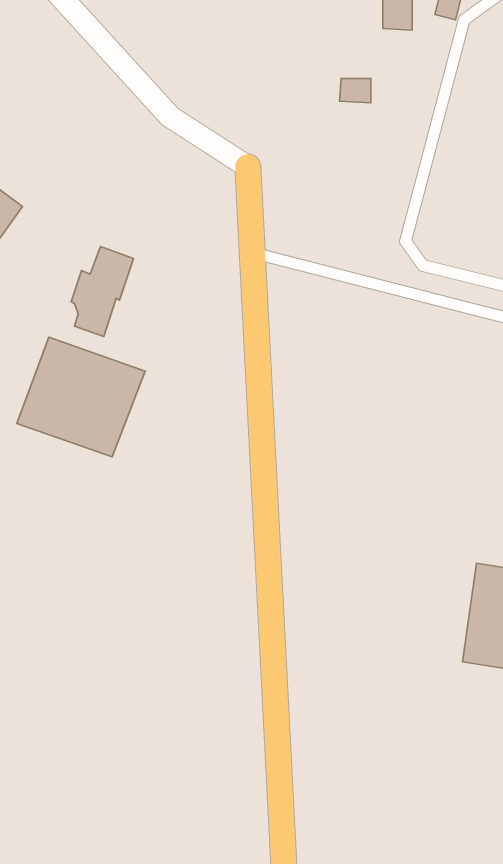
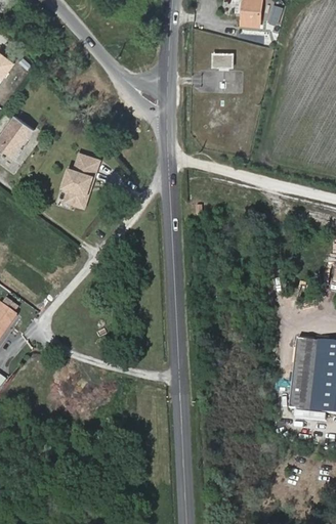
building: [17,337,145,457] -> none

